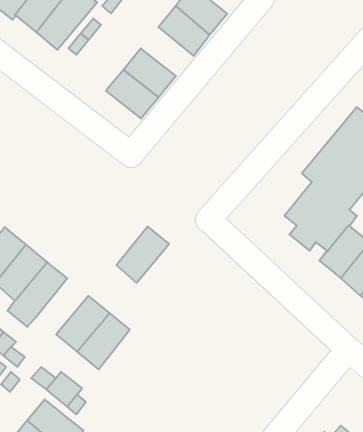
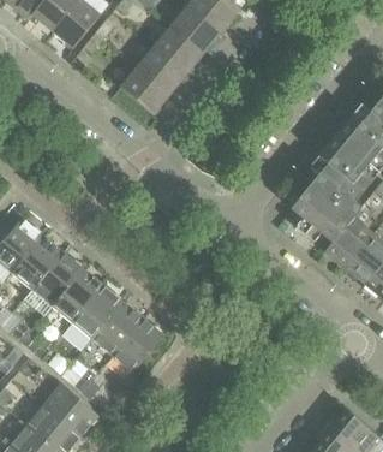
building: none -> [154,26,204,73]
building: [117,227,169,283] -> [53,268,103,322]
building: none -> [113,317,164,373]

